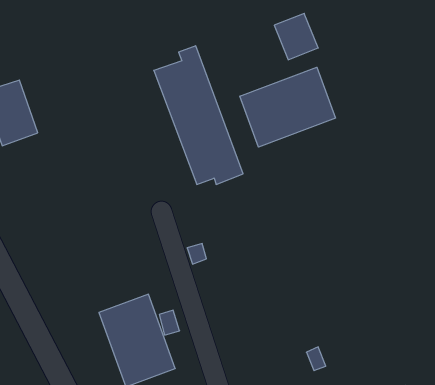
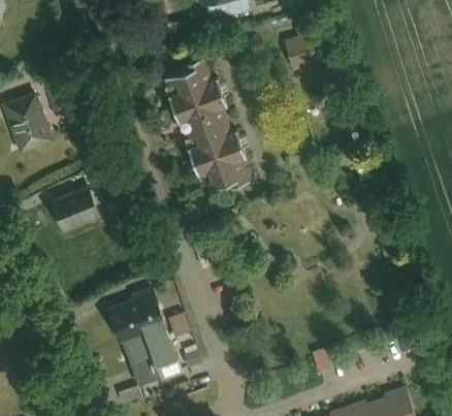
building: [240,67,336,147] -> none
building: none -> [47,185,101,234]

